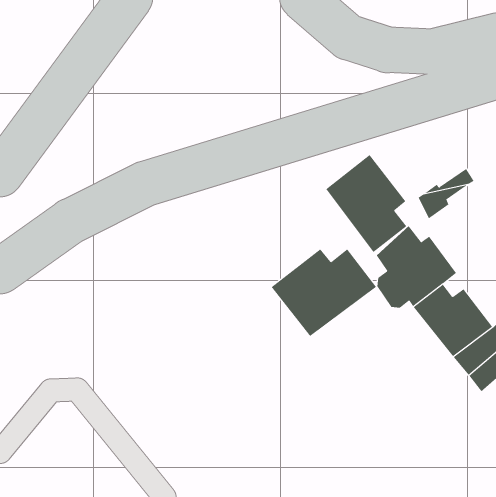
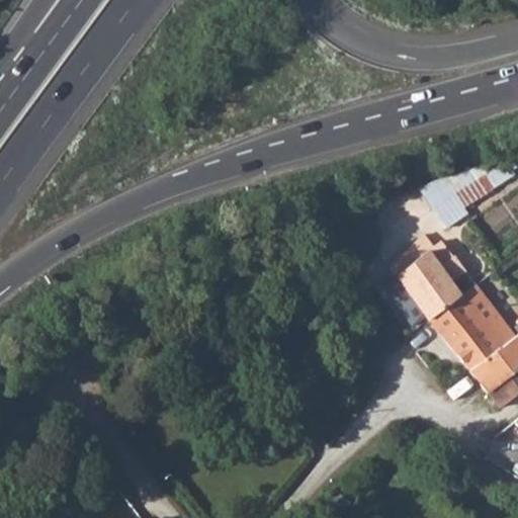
building: [326,154,407,253] -> none
building: [271,248,377,337] -> none

